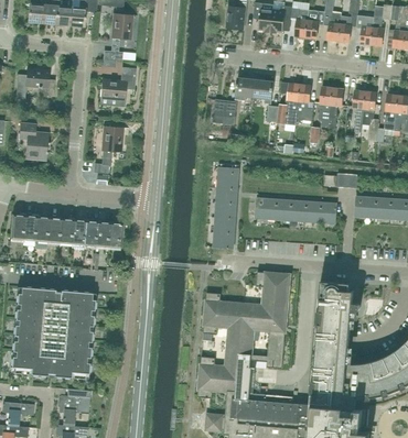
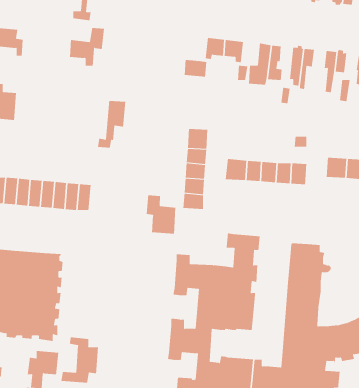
building: [94,125,122,173] -> [97,100,126,148]
building: none -> [146,194,176,234]
building: none -> [61,337,99,383]

